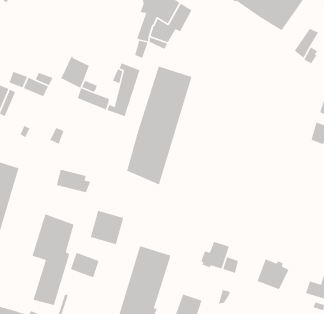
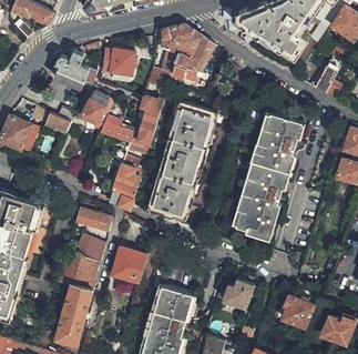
building: none -> [102,48,136,75]
building: none -> [53,51,96,90]
building: none -> [234,119,298,236]
building: none -> [110,165,141,210]
building: [70,252,99,278] -> [75,235,105,262]

